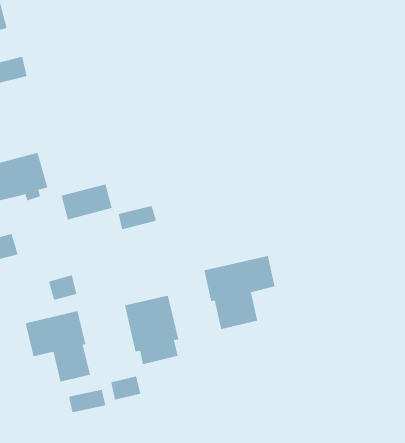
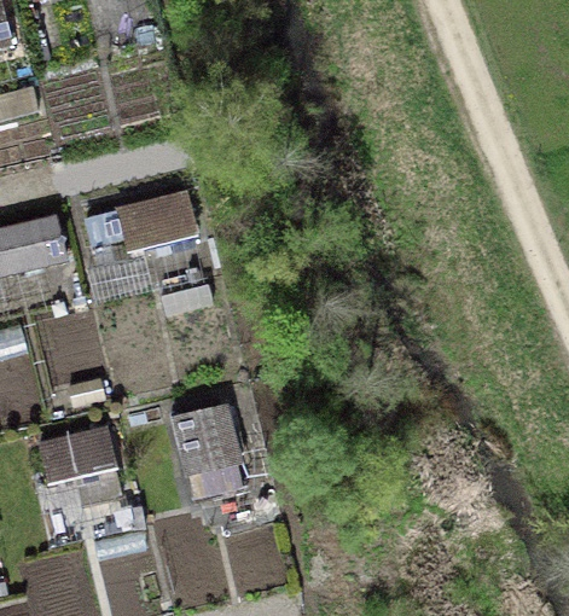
building: none -> [83,188,199,255]
building: [204,255,275,330] -> none

